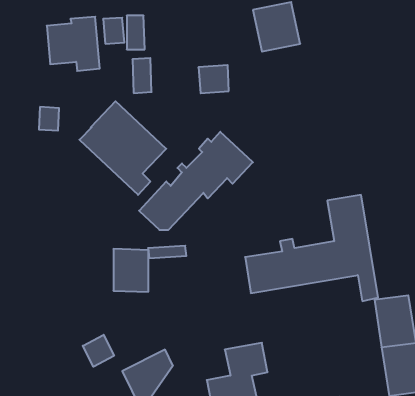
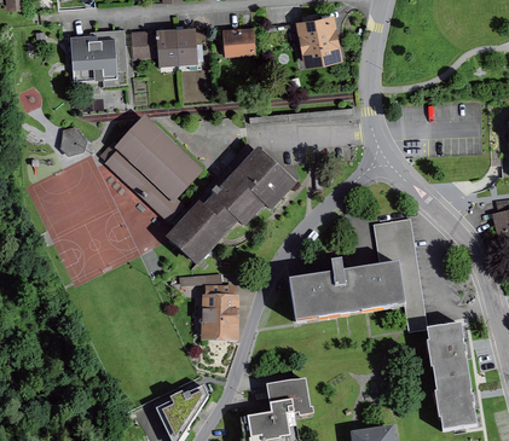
building: [132,58,152,93] -> [177,27,197,64]
building: [198,65,229,93] -> [222,28,255,58]
building: [113,249,148,292] -> [201,300,238,346]
building: [83,335,114,367] -> none

